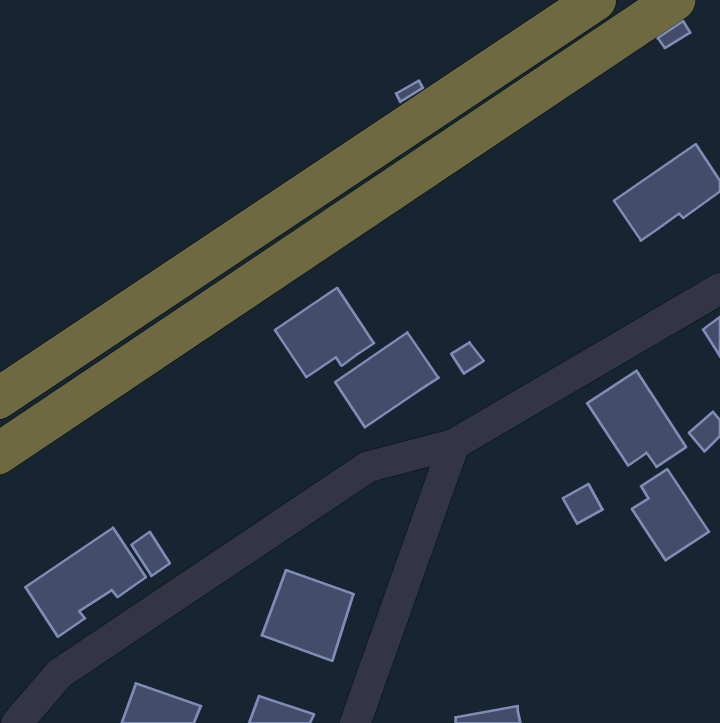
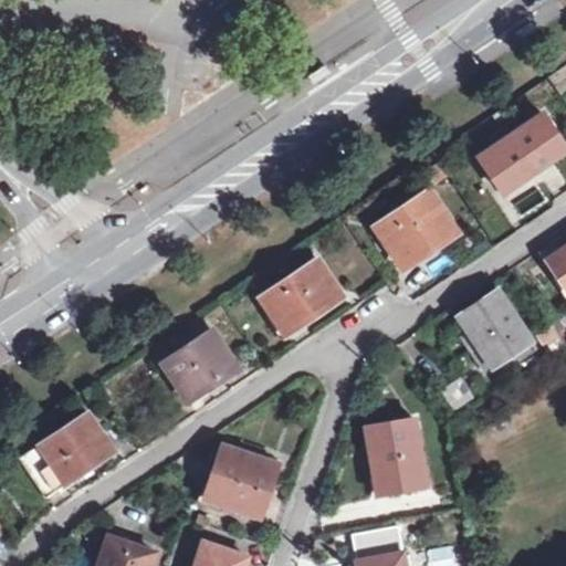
building: none -> [375,191,457,266]
building: [275,288,374,377] -> [163,329,240,399]
building: [632,469,709,560] -> none
building: none -> [366,420,423,495]

